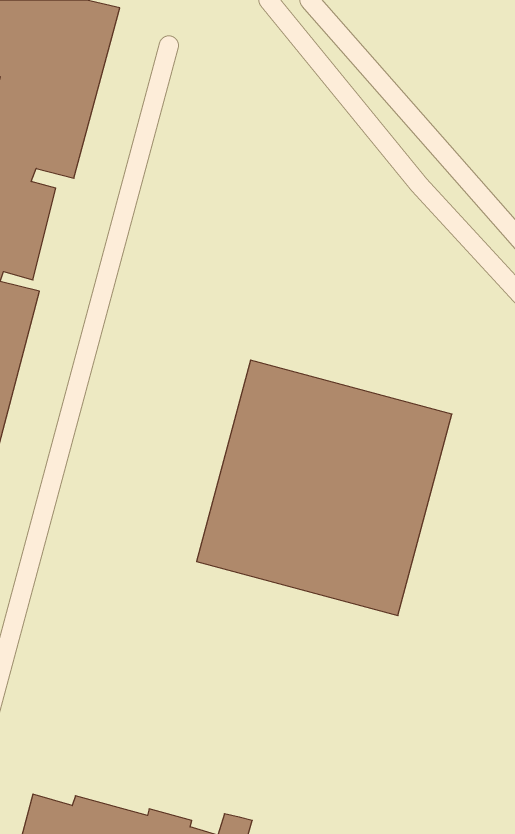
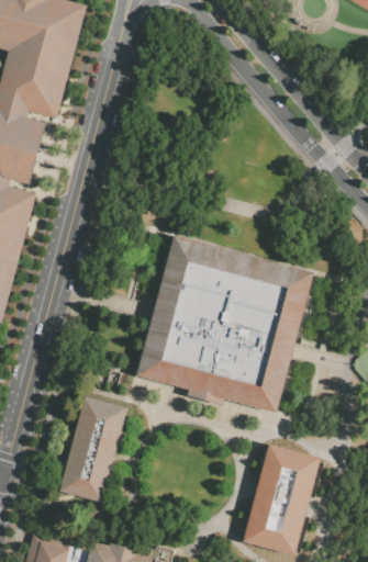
building: none -> [58,396,123,499]
building: none -> [241,442,317,554]

